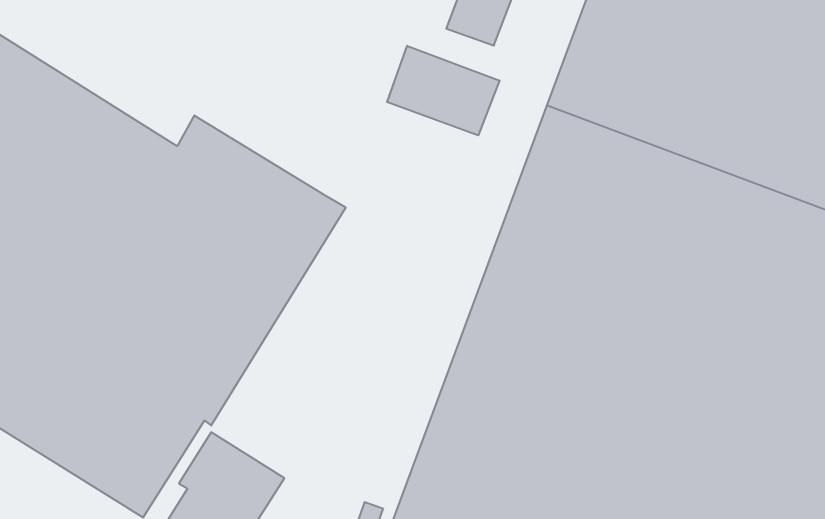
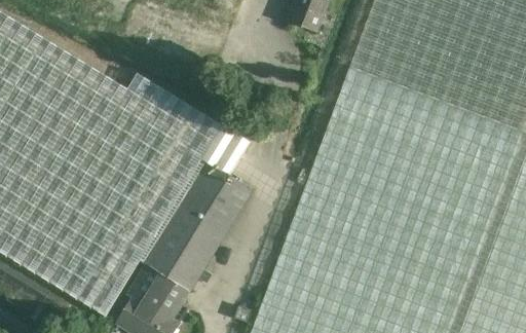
building: [387,46,500,135] -> none
building: none -> [145,130,254,294]

